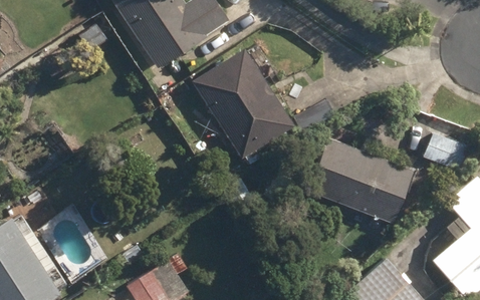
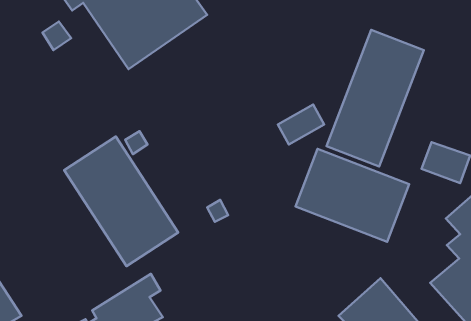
building: none -> [326,30,424,166]
building: [192,48,295,160] -> none
building: none -> [64,137,178,266]

